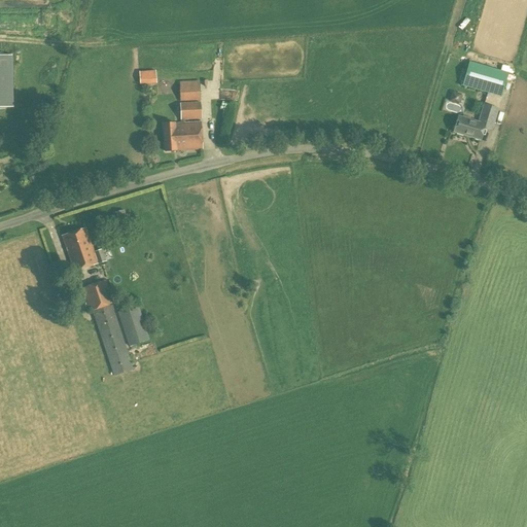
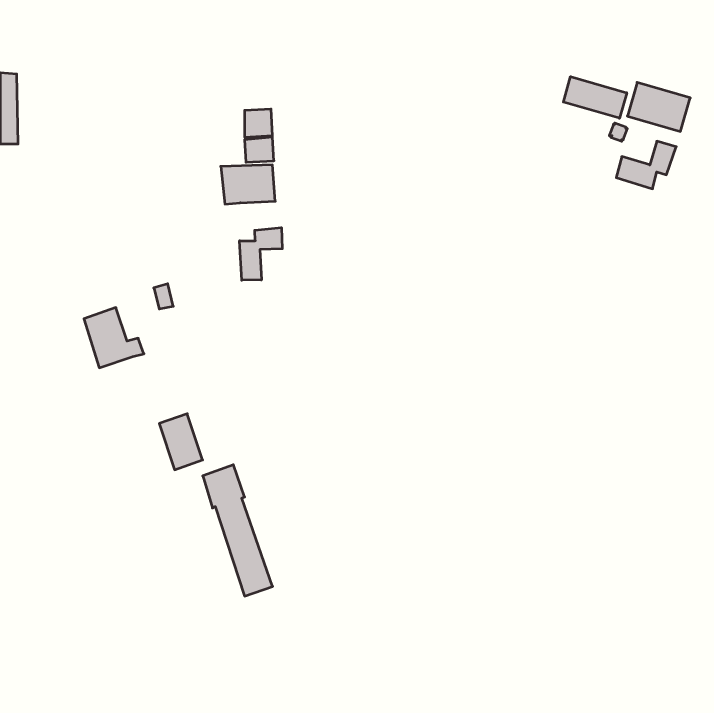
building: none -> [563,77,627,118]
building: none -> [240,228,282,280]
building: [82,279,134,376] -> [203,465,273,596]

